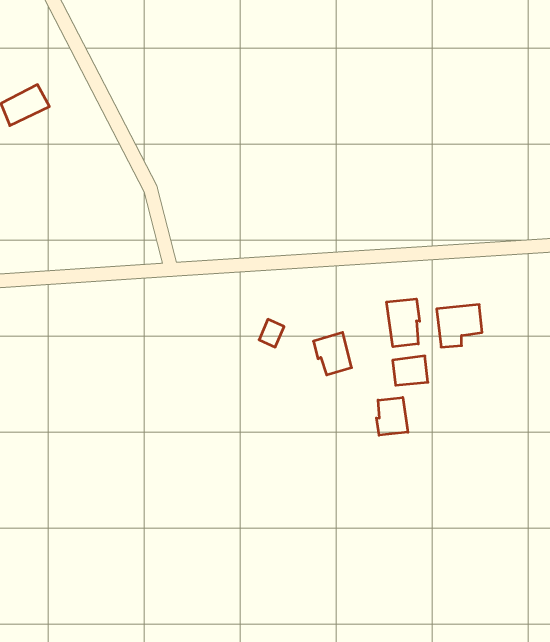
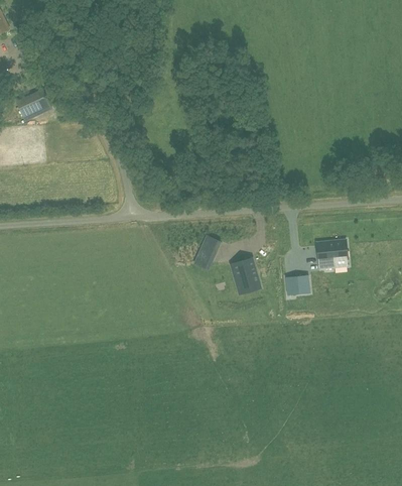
building: [387,299,420,347] -> none
building: [376,397,408,435] -> none

